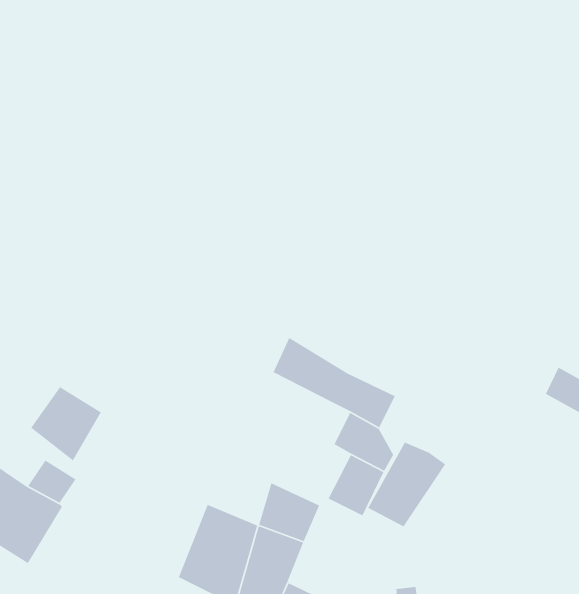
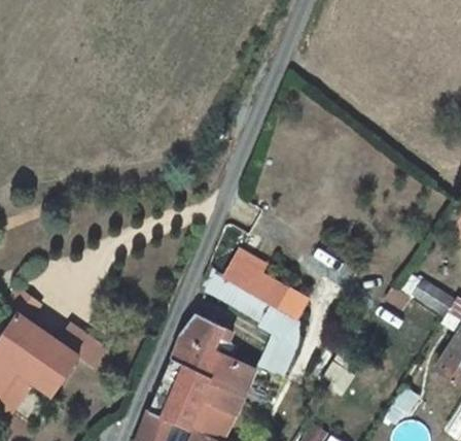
building: [30,386,102,461] -> none
building: none -> [176,314,220,379]
building: [367,442,446,527] -> none

